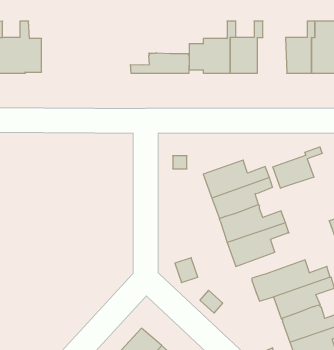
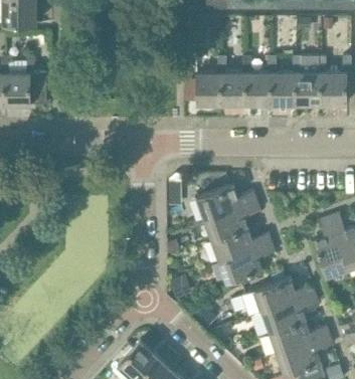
building: none -> [247,57,278,106]
building: [131,53,189,73] -> none
building: [273,147,322,188] -> none

